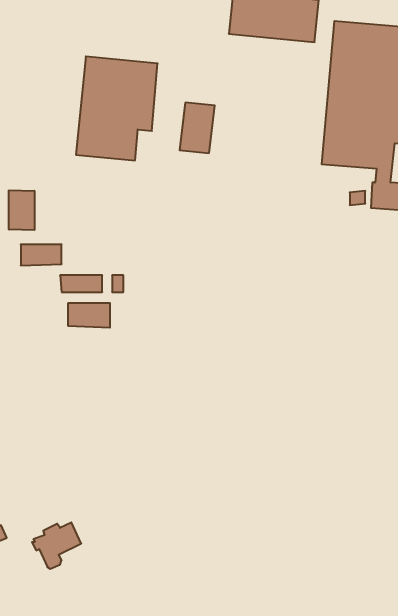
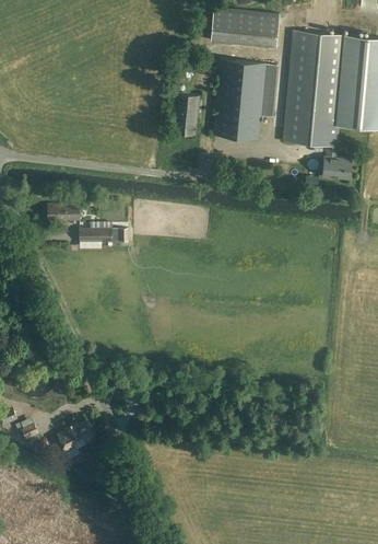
building: [76,56,158,160] -> [214,60,277,141]
building: [9,190,34,230] -> none
building: [68,303,110,328] -> none

